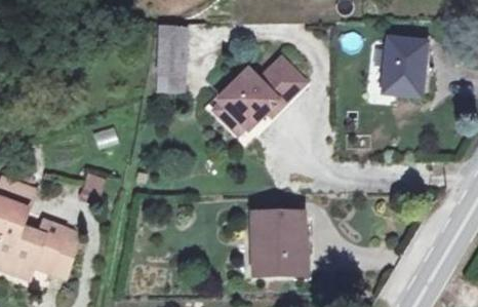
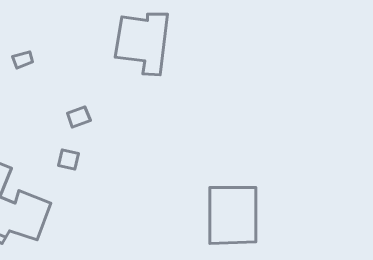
building: [382,42,426,99] -> none
building: [216,55,307,126] -> none

